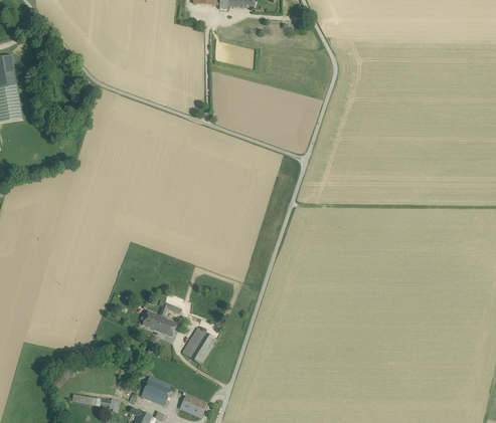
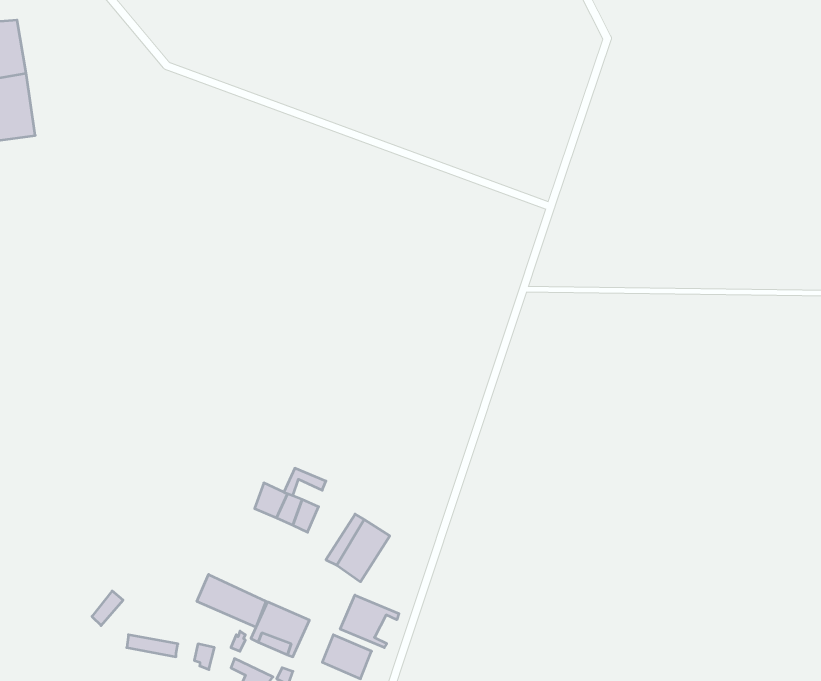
building: none -> [197,574,266,627]
building: none -> [340,595,399,648]

